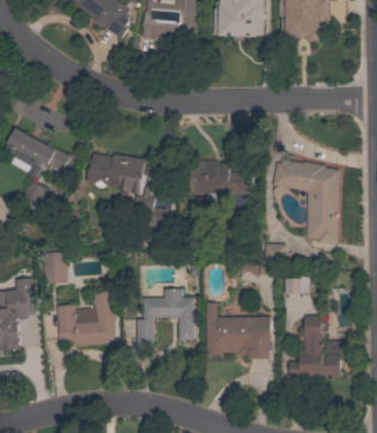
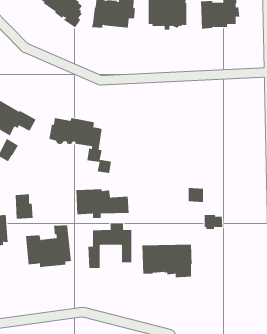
building: [273,159,340,243] -> none
building: [184,161,254,200] -> [76,189,130,219]
building: [290,316,341,378] -> none

